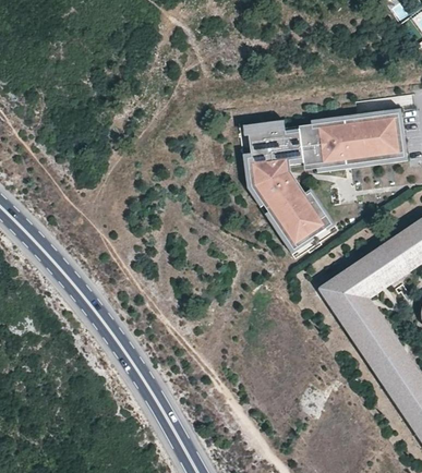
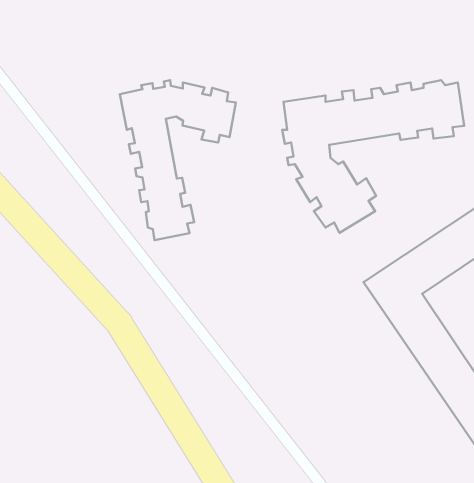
building: none -> [120,80,236,240]

